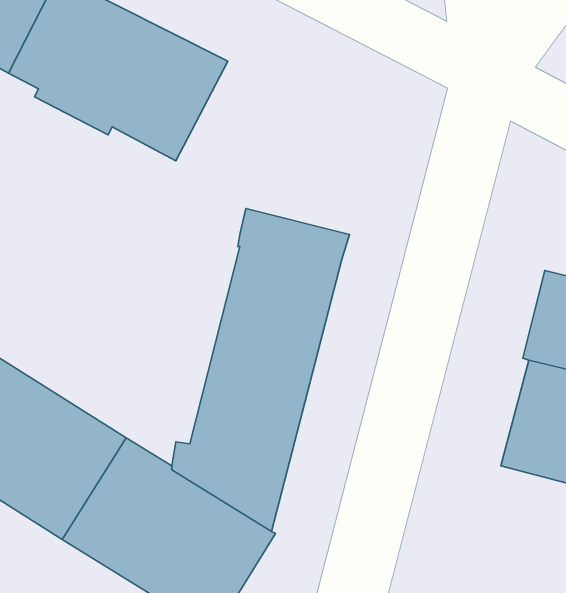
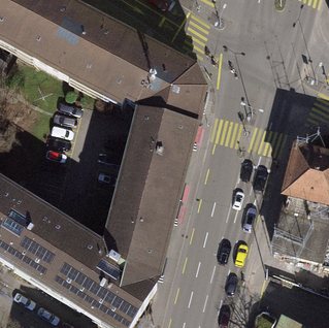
building: none -> [106,37,205,127]

